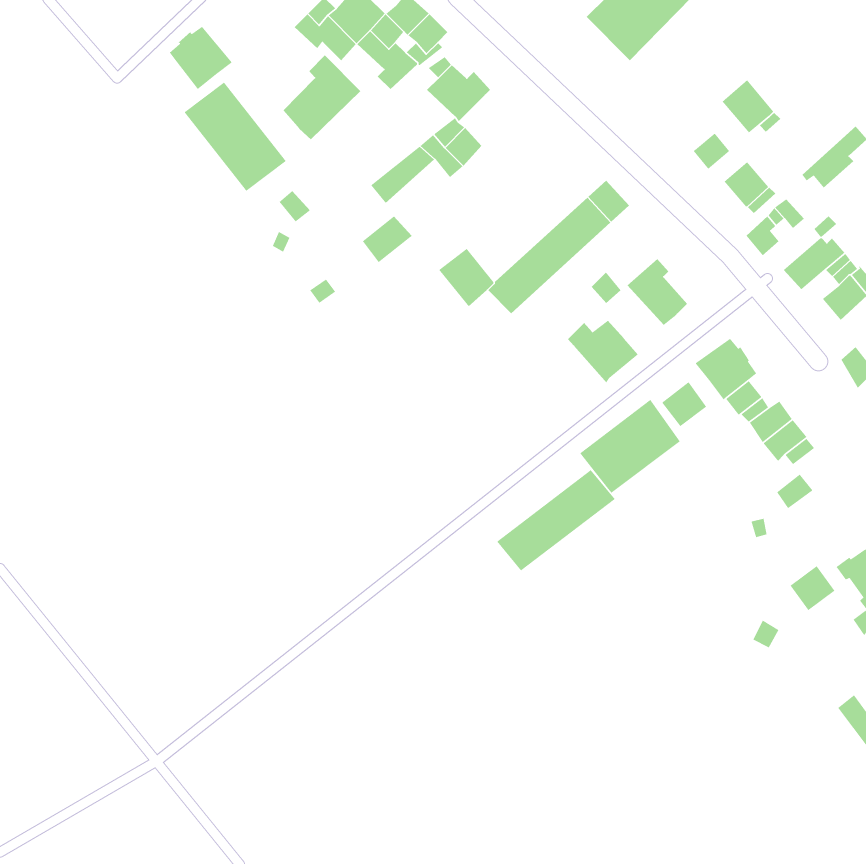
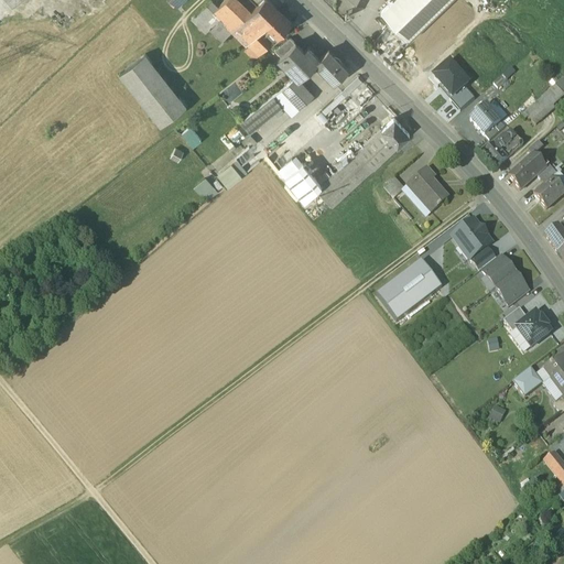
building: [169,26,233,90] -> none
building: [282,55,361,140] -> none
building: none -> [316,50,346,80]
building: [722,79,774,134] -> [434,62,468,97]
building: [567,320,639,383] -> none
building: [661,382,707,427] -> none
building: [496,469,616,572] -> none
building: none -> [517,313,551,347]

